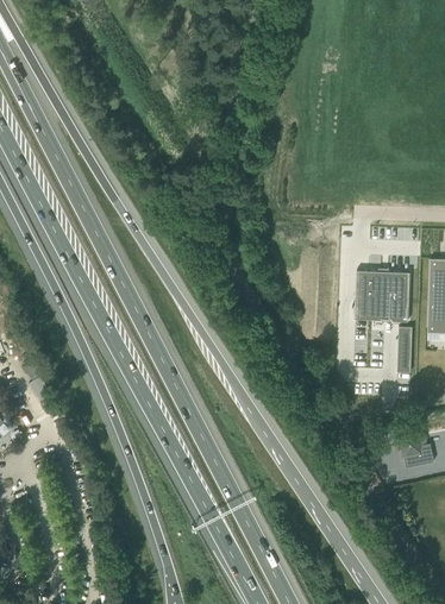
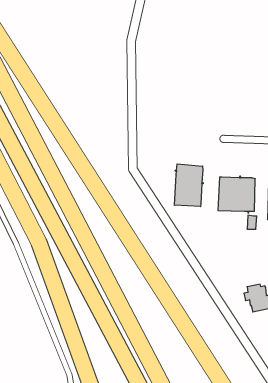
building: none -> [174,164,203,207]

